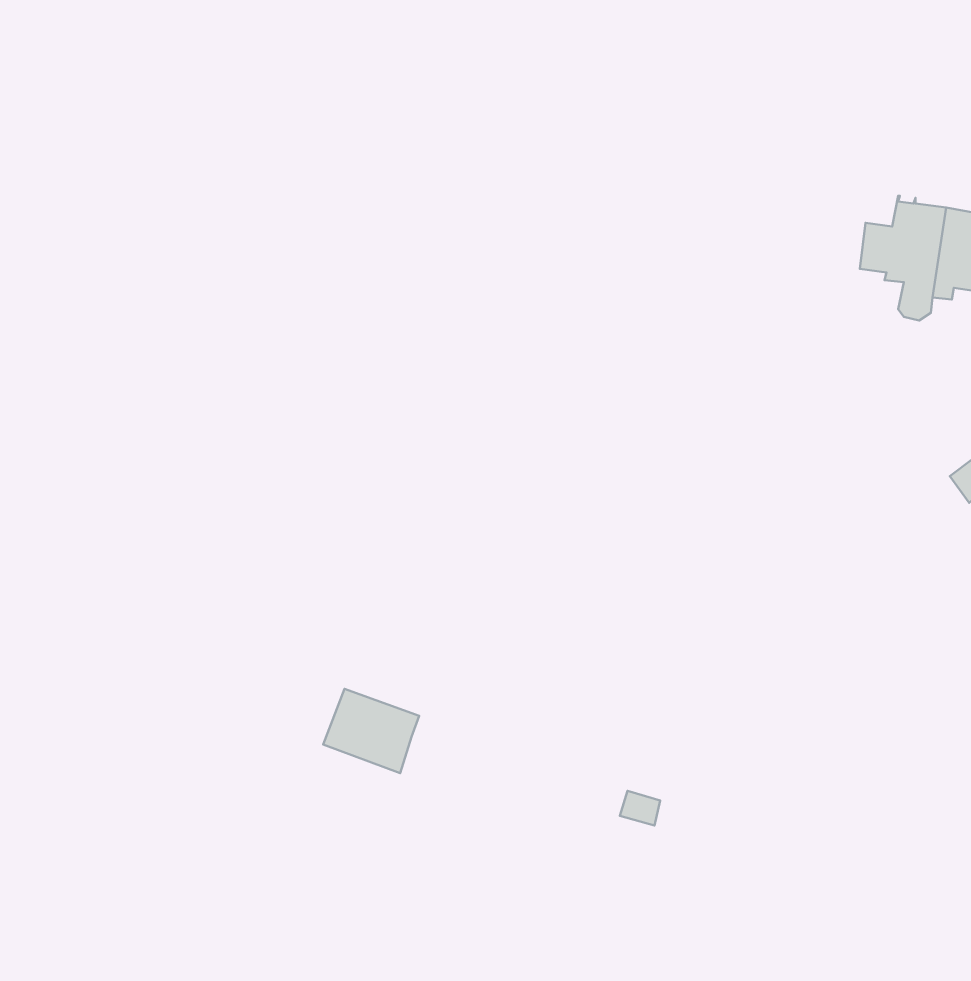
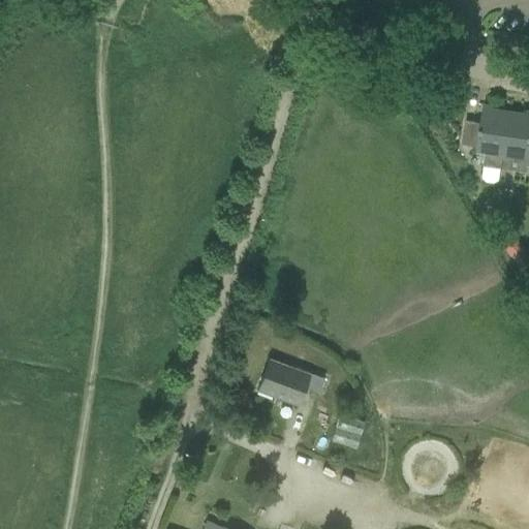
building: [323,689,419,773] -> [261,361,313,406]

